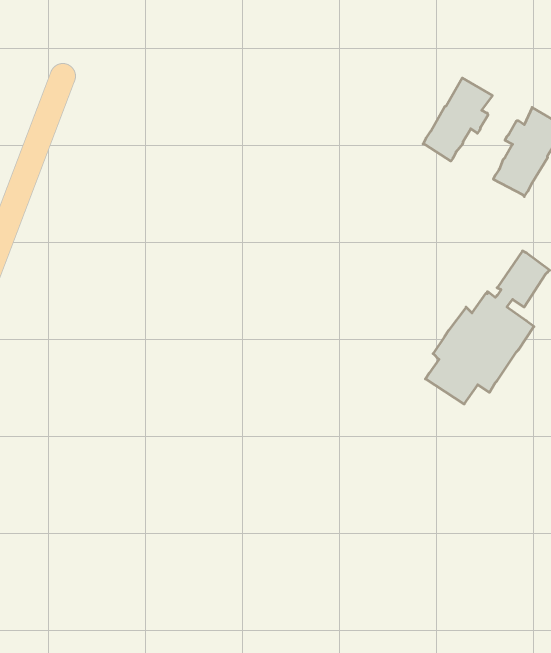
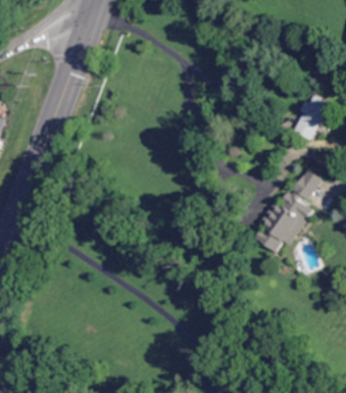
building: [423,78,492,161] -> none

